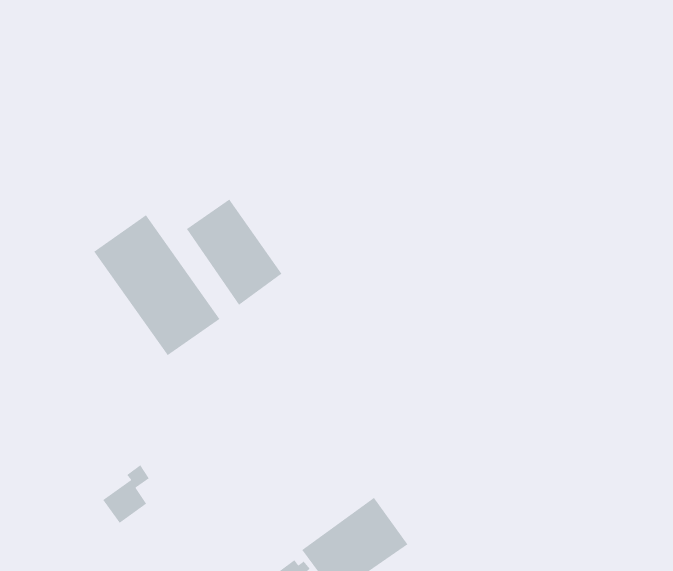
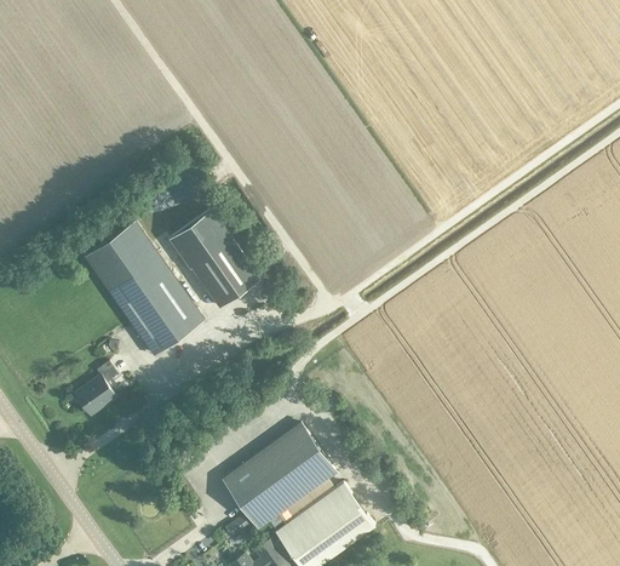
building: none -> [224,424,334,527]
building: [102,464,150,524] -> [74,361,117,416]

